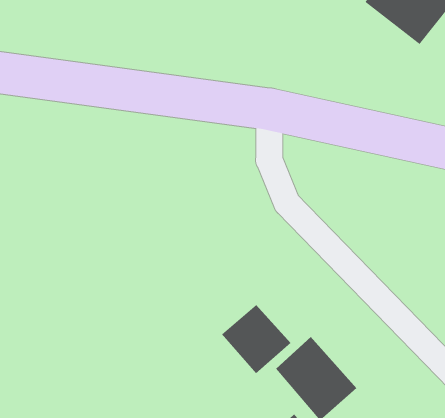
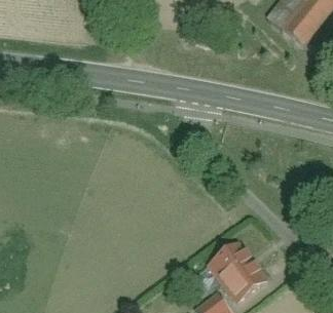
building: [221,304,291,374] -> none

